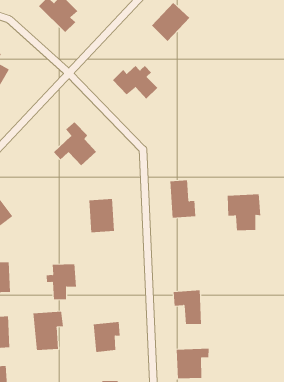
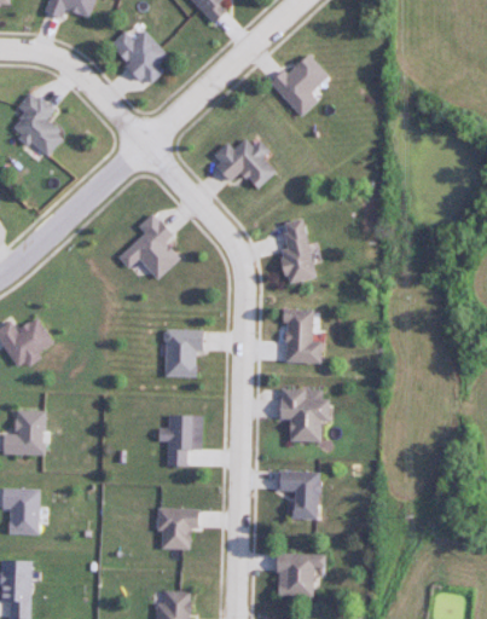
building: none -> [279,218,313,282]
building: [227,194,261,231] -> [278,387,326,440]
building: [46,264,77,300] -> [160,413,203,465]
building: [33,311,63,351] -> none

